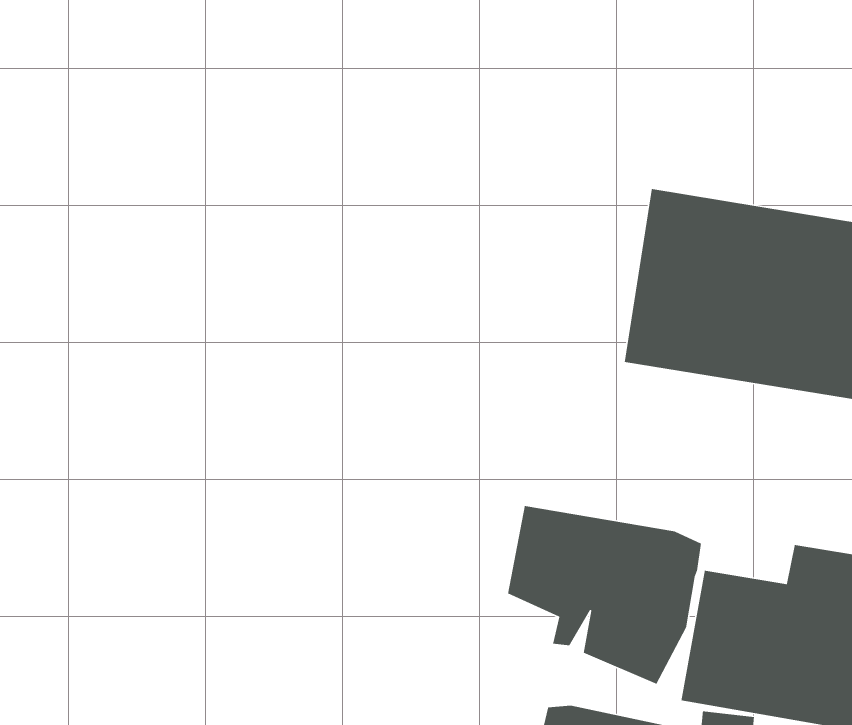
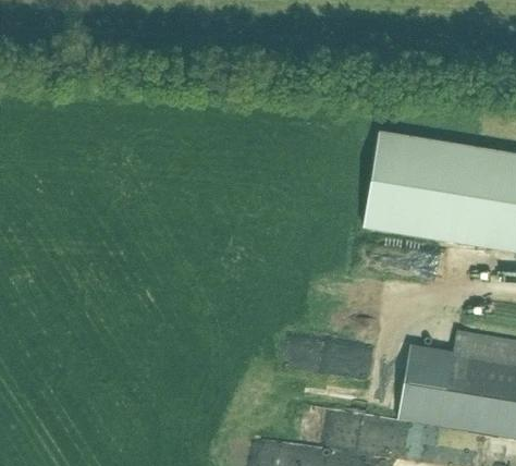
building: [507,505,702,685] -> none

